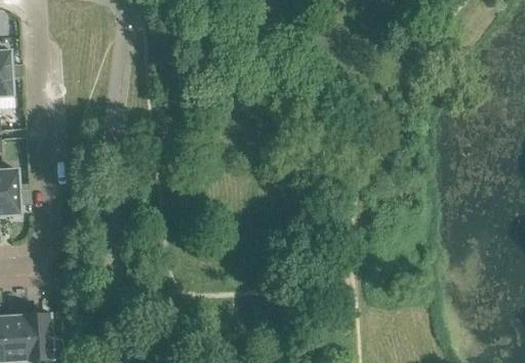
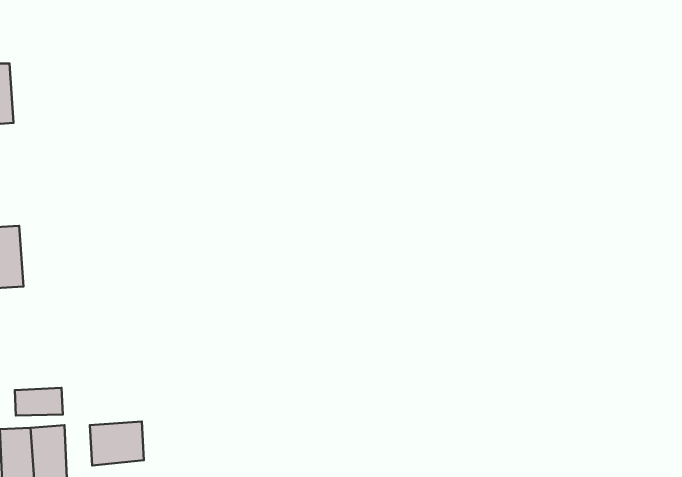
building: none -> [15,388,63,415]
building: none -> [90,421,144,466]

